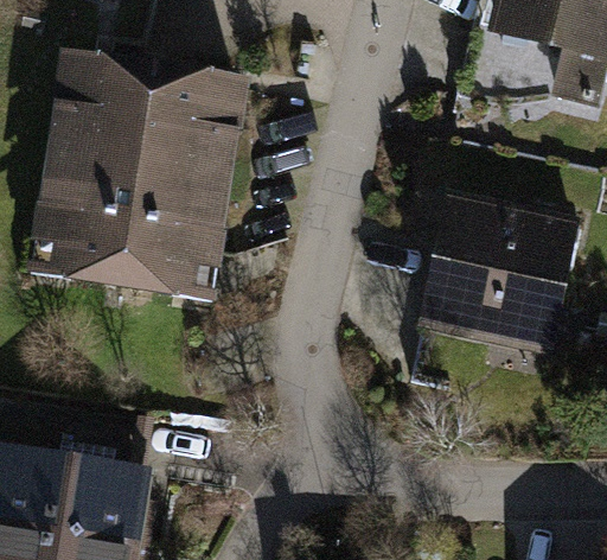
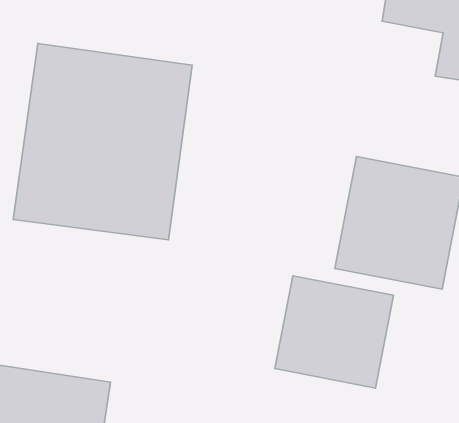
building: none -> [275,276,394,388]

